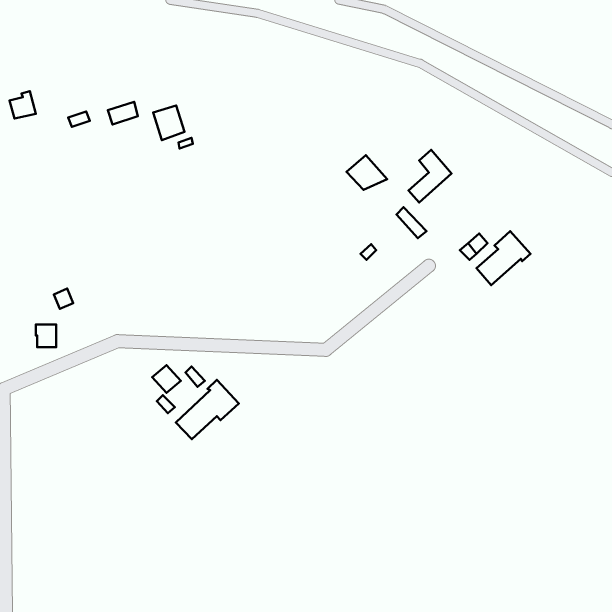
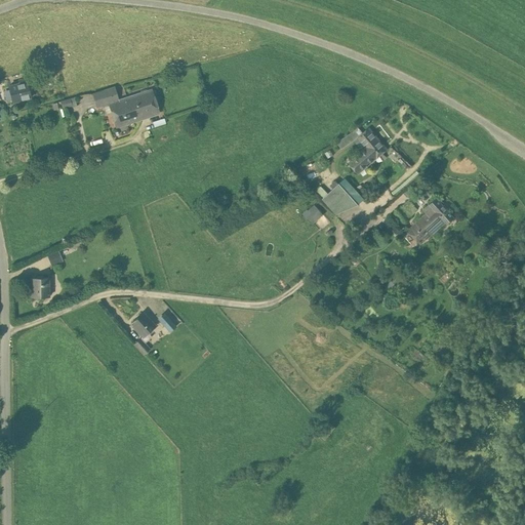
building: none -> [109,96,138,126]
building: [347,155,387,190] -> [323,184,358,213]
building: [176,380,239,439] -> none

